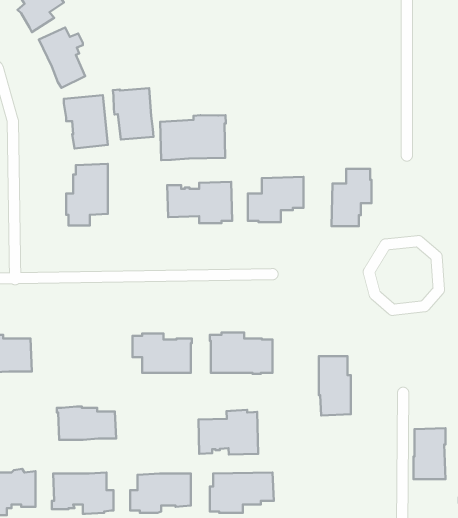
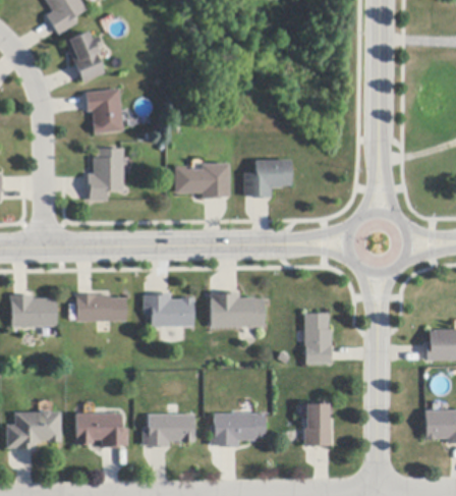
building: [113,88,154,140] -> none
building: [160,115,226,160] -> none
building: [331,169,371,226] -> none
building: [57,407,116,440] -> [76,293,127,322]
building: [199,410,258,455] -> none
building: [413,428,445,479] -> [304,402,332,446]

